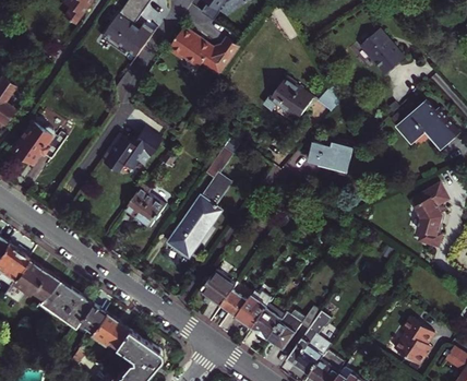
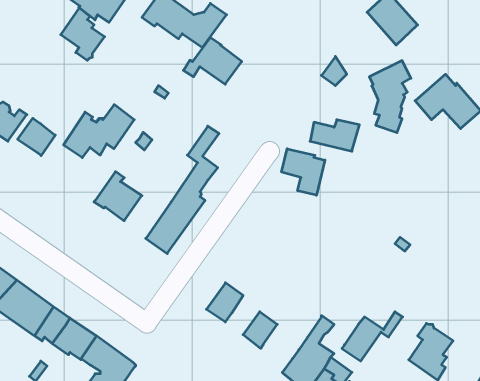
building: none -> [61,8,105,60]
building: [263,78,313,118] -> [183,38,242,84]
building: none -> [18,118,55,156]
building: none -> [282,149,325,195]
building: [415,184,451,247] -> [369,61,411,133]
building: [203,272,236,305] -> none
building: [238,290,267,326] -> none
building: [268,307,321,349] -> [342,312,403,361]

